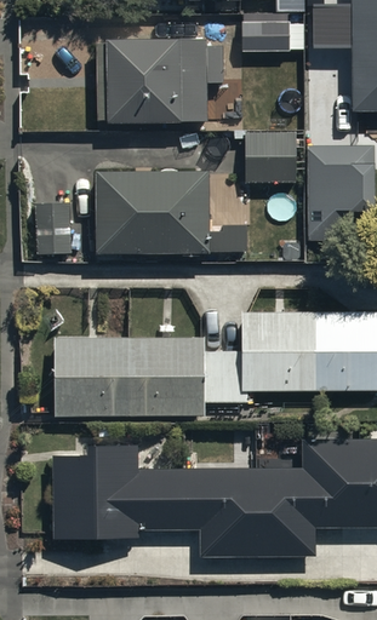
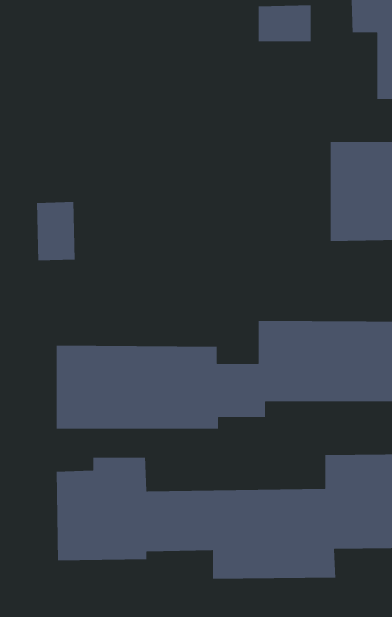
building: [98,38,224,121] -> none
building: [246,132,298,186] -> none
building: [98,170,250,251] -> none

